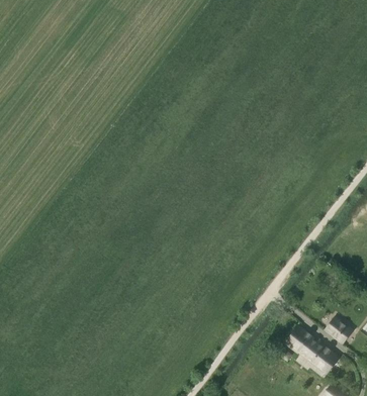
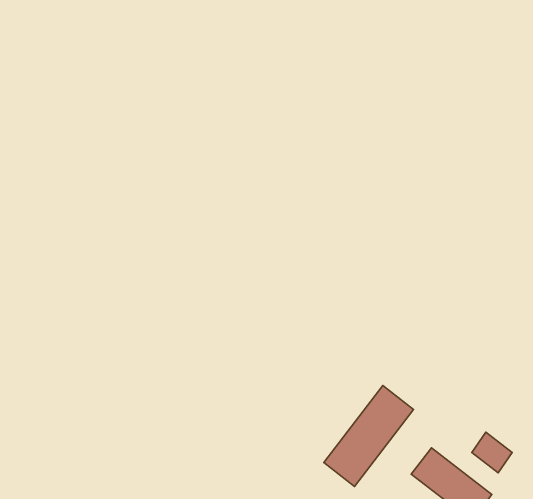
building: none -> [324,386,414,486]

